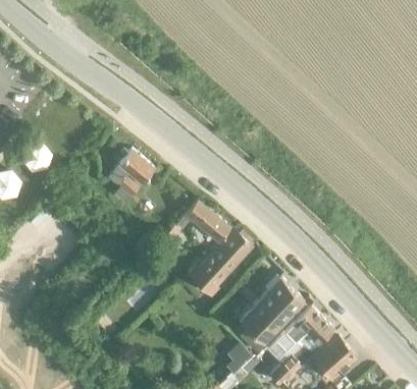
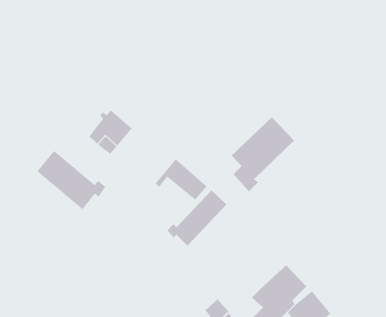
building: none -> [36,150,106,210]
building: [238,277,303,354] -> [231,116,295,192]

